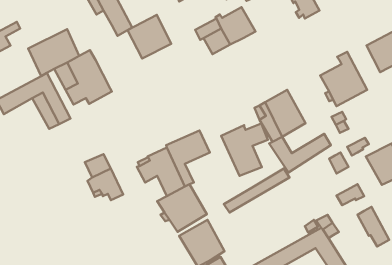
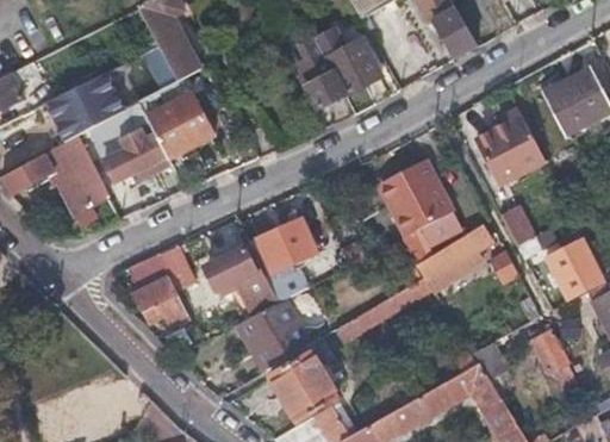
building: [128,15,171,58] -> [147,93,211,157]
building: [221,123,268,176] -> none

